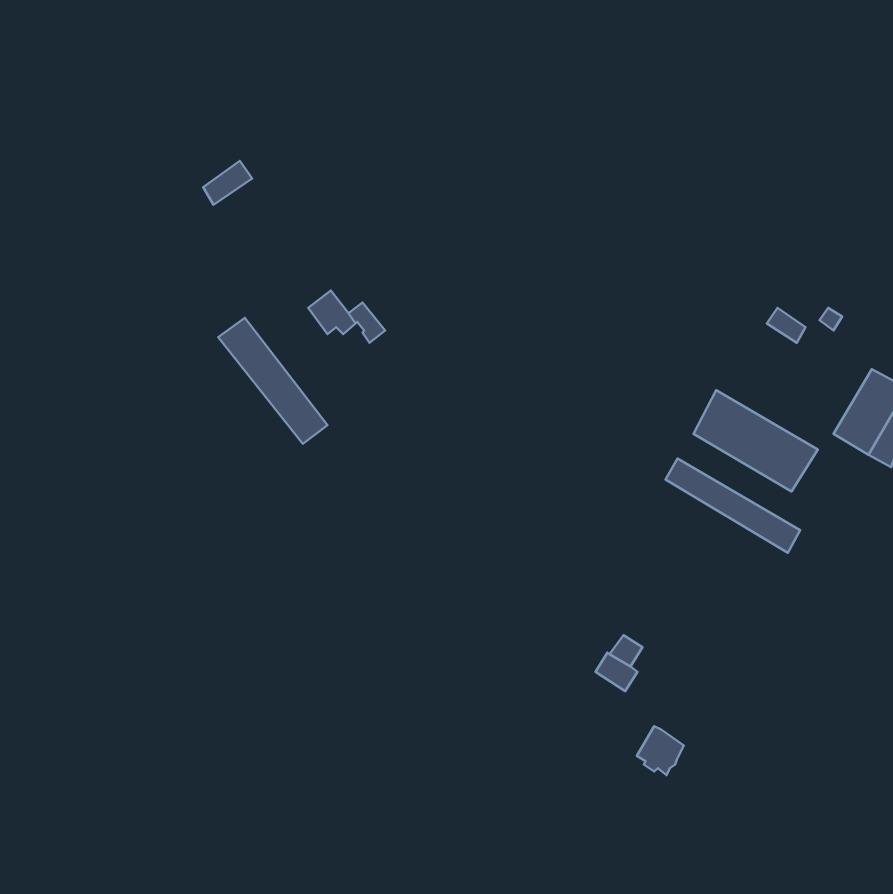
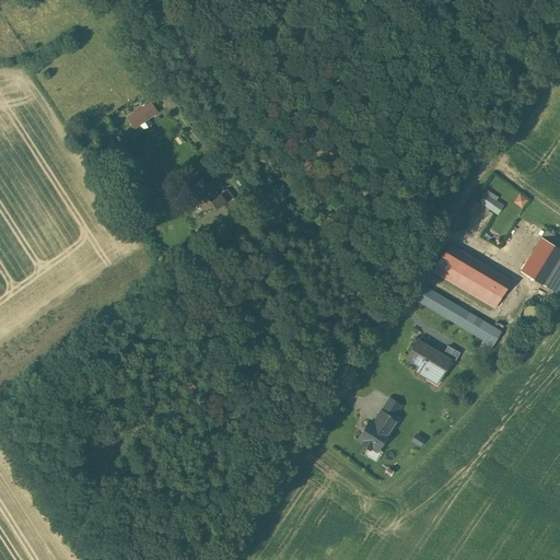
building: [218,318,328,444] -> none
building: none -> [407,340,459,380]
building: [637,726,684,775] -> [359,420,388,451]

